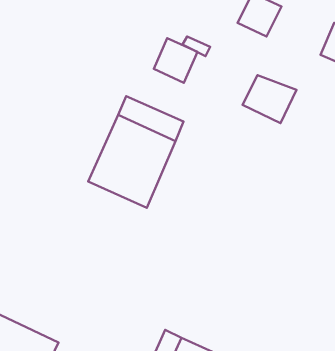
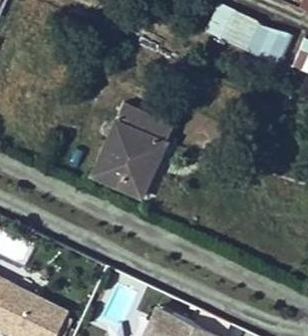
building: [154,38,197,83] -> none
building: [242,75,296,123] -> [246,23,293,65]

